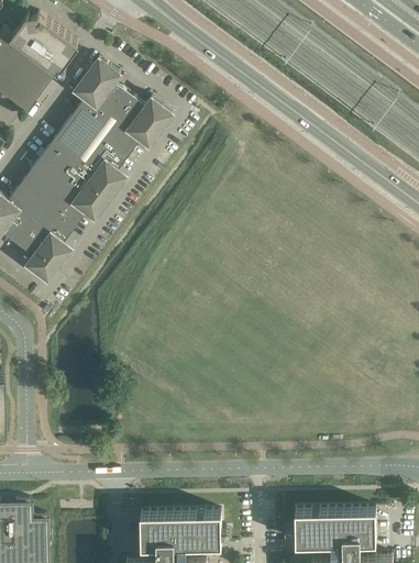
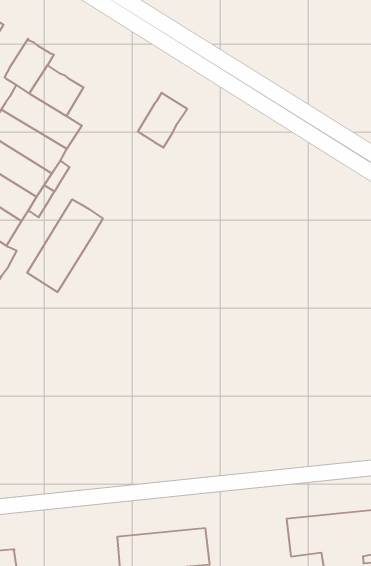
building: [126,98,173,147] -> [138,93,187,148]
building: none -> [27,199,103,292]

